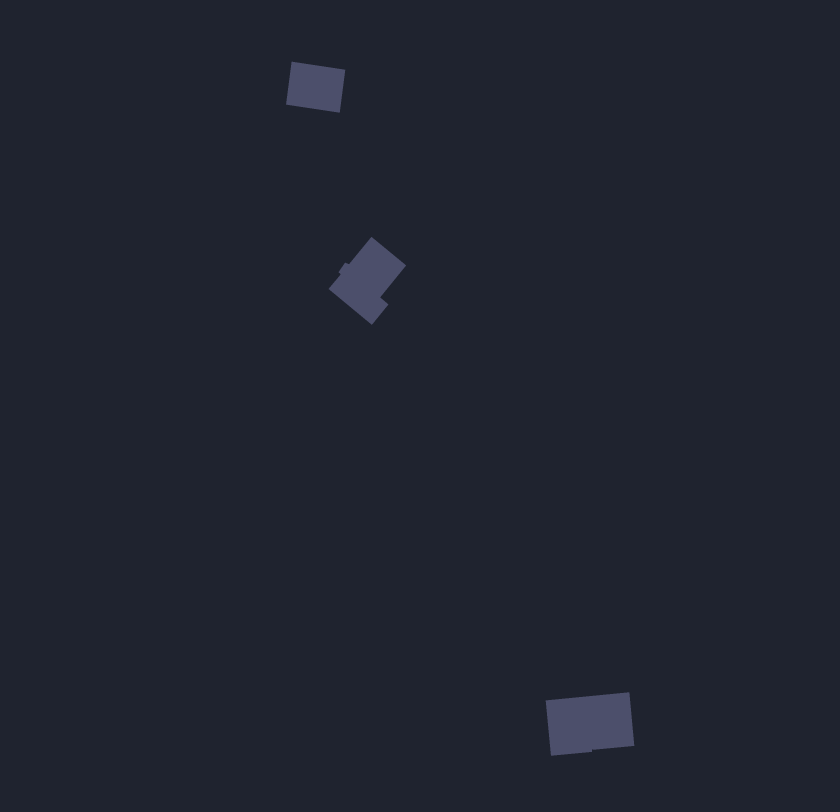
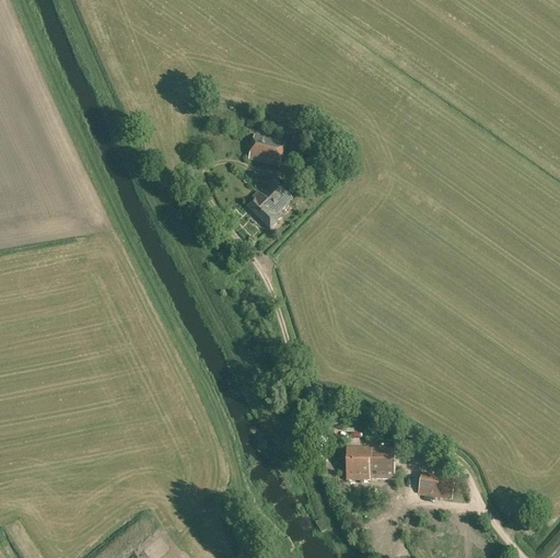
building: [285,61,346,113] -> [247,133,283,165]
building: none -> [417,472,454,498]

